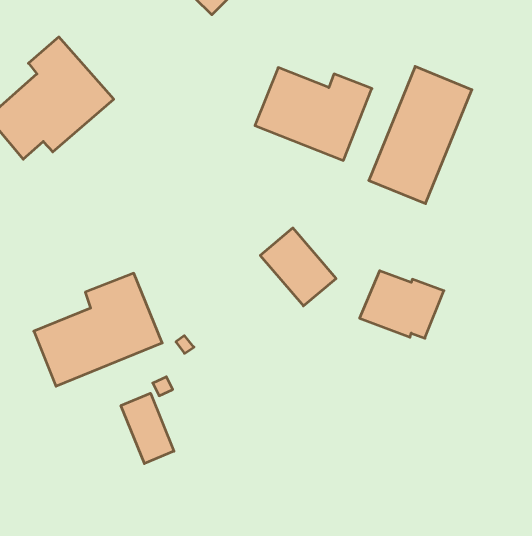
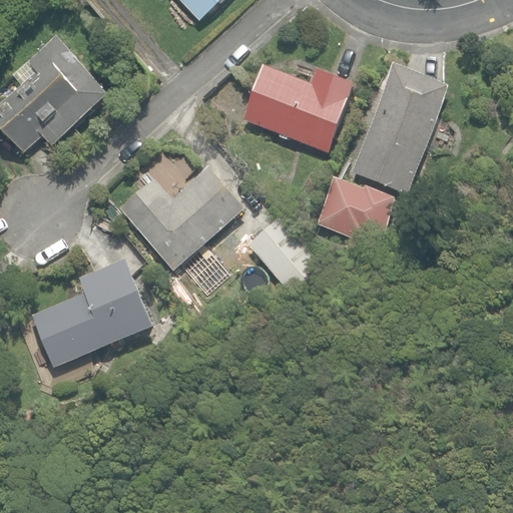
building: none -> [119,165,244,269]
building: [360,271,444,338] -> [315,178,395,242]
building: [121,393,174,464] -> none

